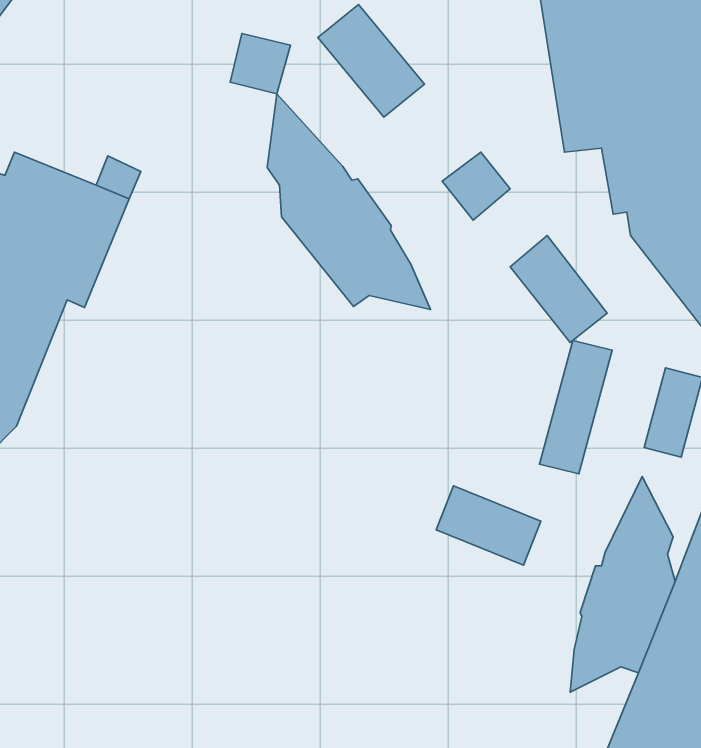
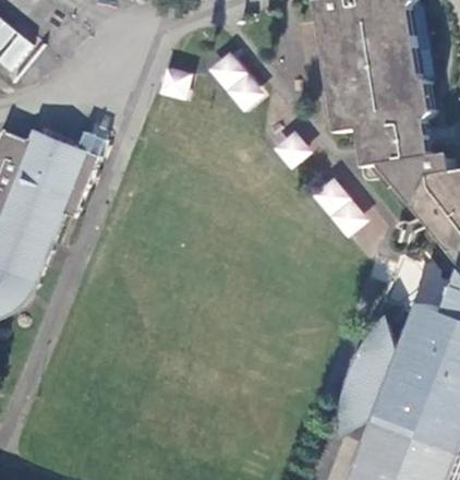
building: [267,94,431,310] -> none
building: [540,341,612,474] -> none
building: [436,486,541,565] -> none

